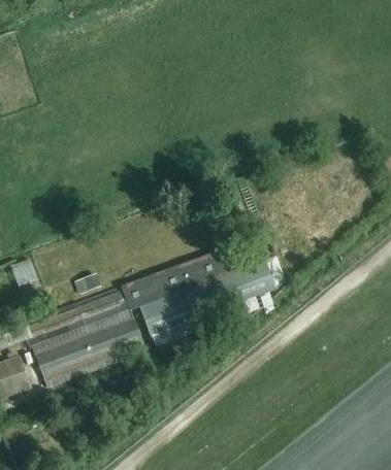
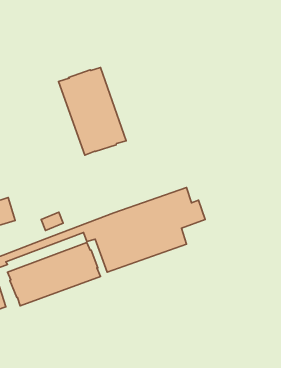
building: none -> [59,68,126,155]

